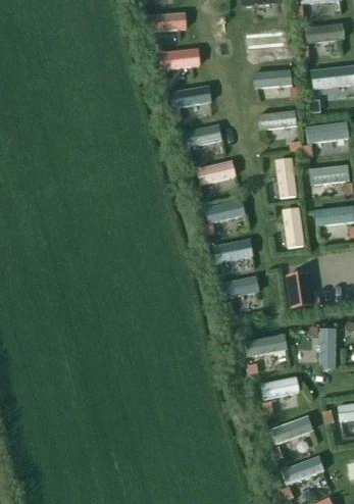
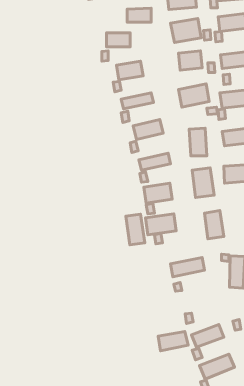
building: [152,10,183,28] -> [127,8,151,22]
building: none -> [126,214,145,245]
building: [262,375,300,400] -> [158,331,188,351]

